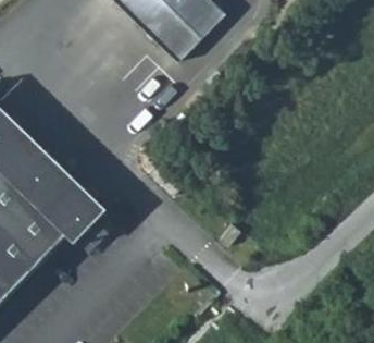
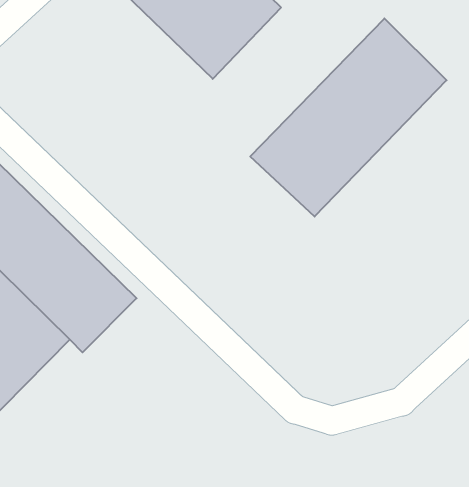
building: none -> [250,18,447,217]

